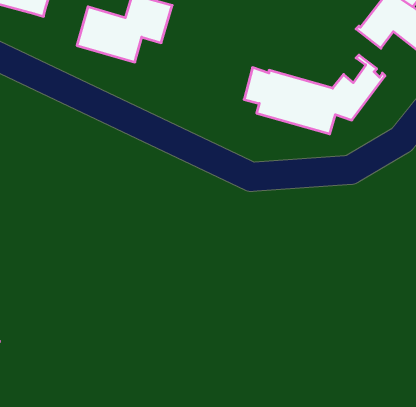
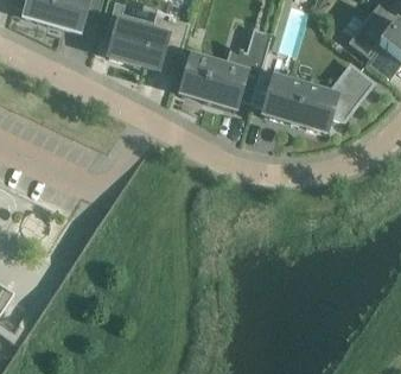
building: none -> [179,26,270,108]

